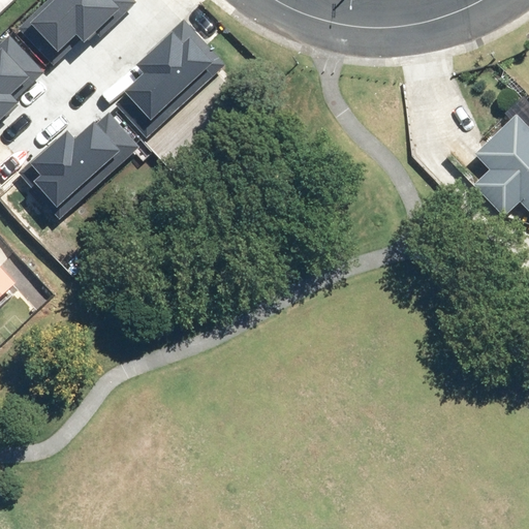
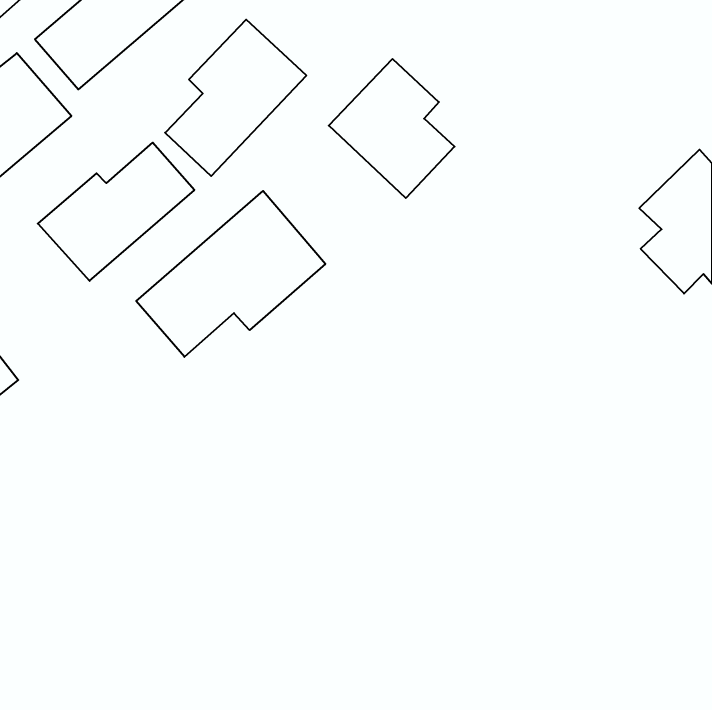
building: none -> [329,59,455,198]
building: none -> [136,191,325,357]

